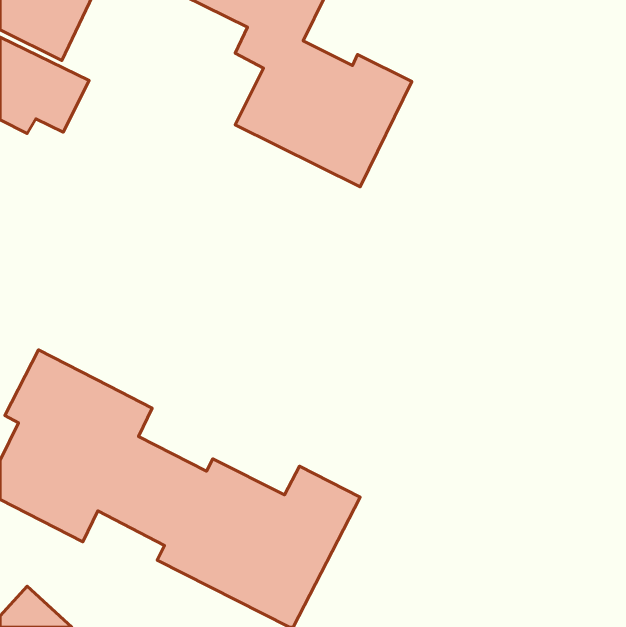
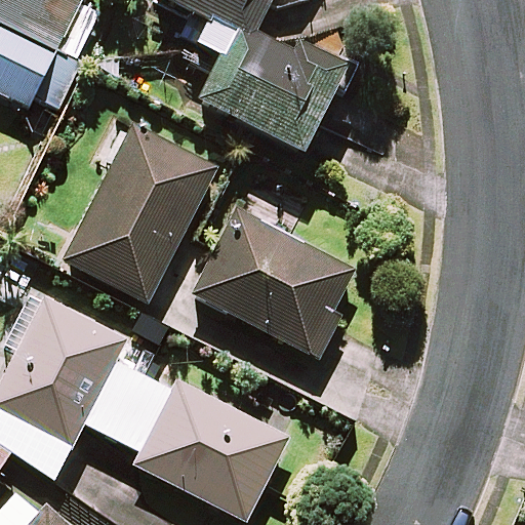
building: none -> [57,125,208,304]
building: none -> [196,211,357,356]

